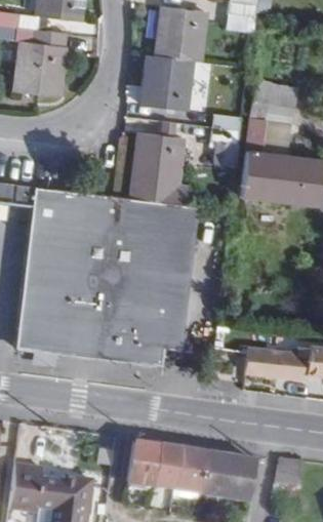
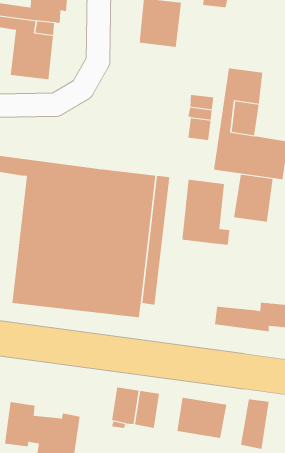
building: [145,55,193,111] -> none
building: [135,131,190,205] -> [181,179,230,245]
building: none -> [234,174,273,223]
building: [176,447,207,489] -> none

